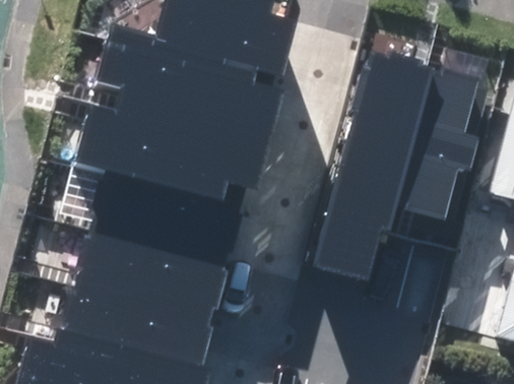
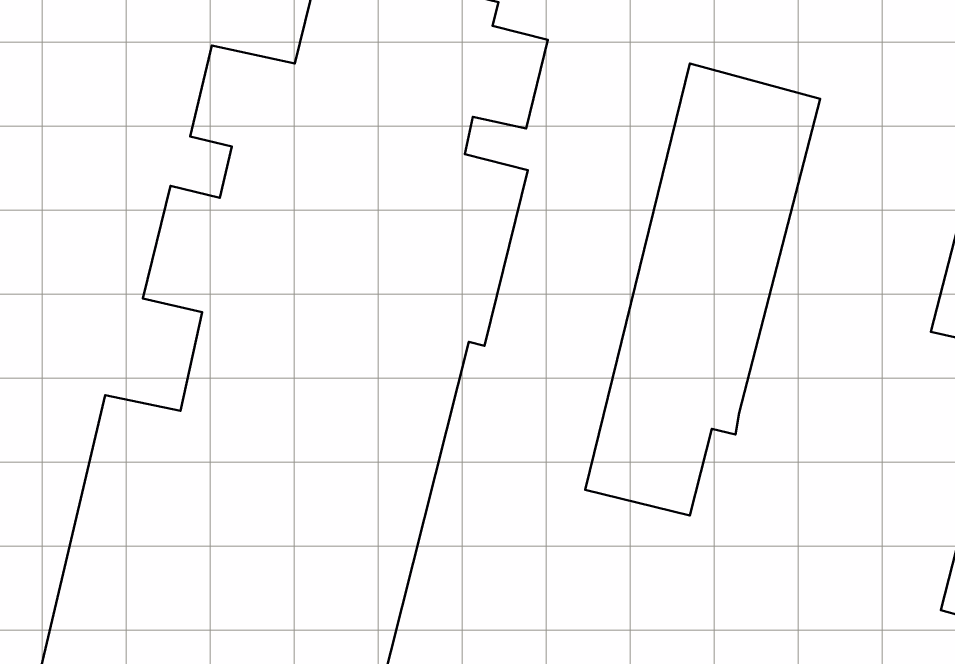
building: [392,66,491,228] -> none

